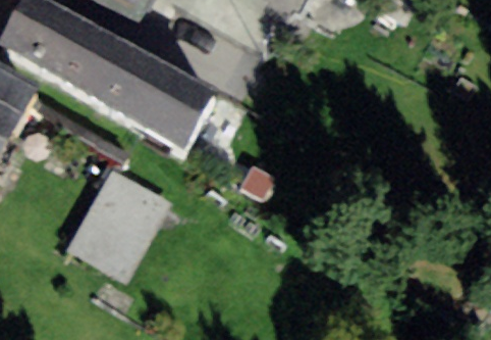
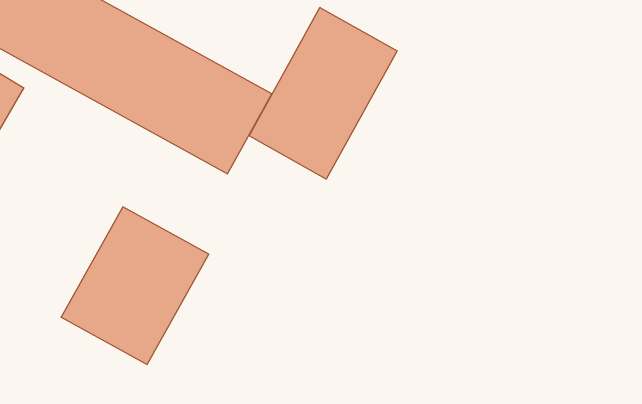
building: none -> [249,7,397,179]

